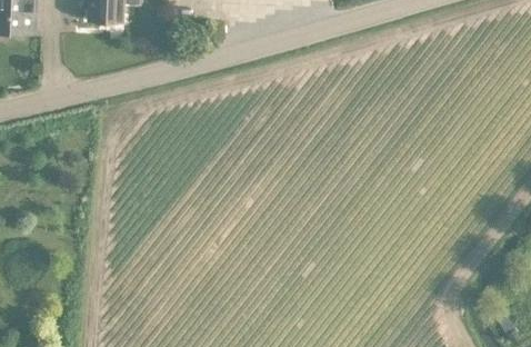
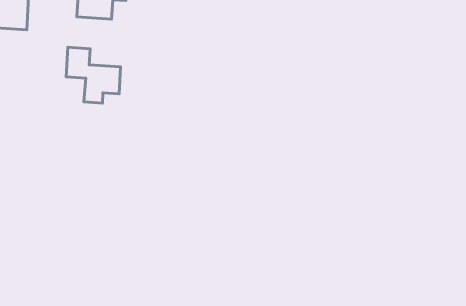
building: none -> [66,47,120,103]

